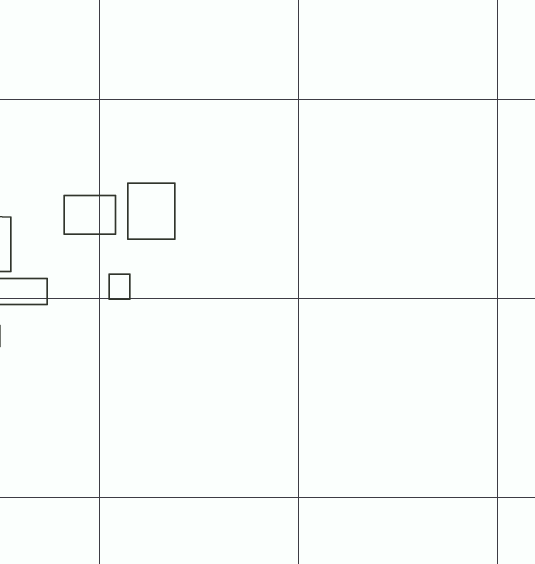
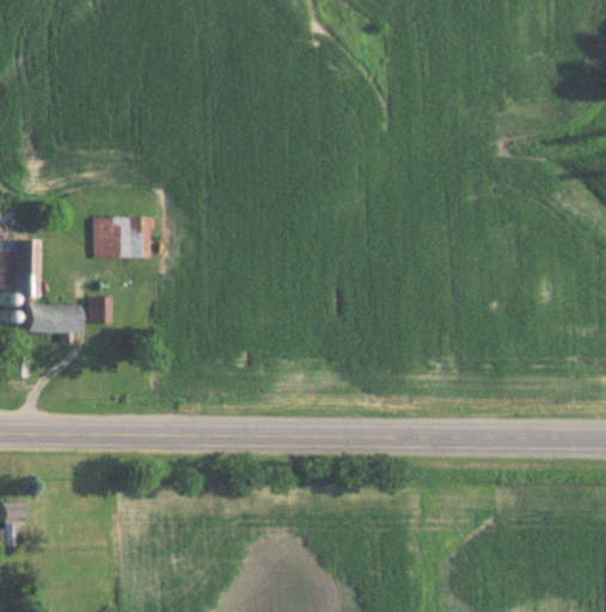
building: [128,183,175,239] -> none
building: [109,274,130,299] -> [90,296,111,323]

